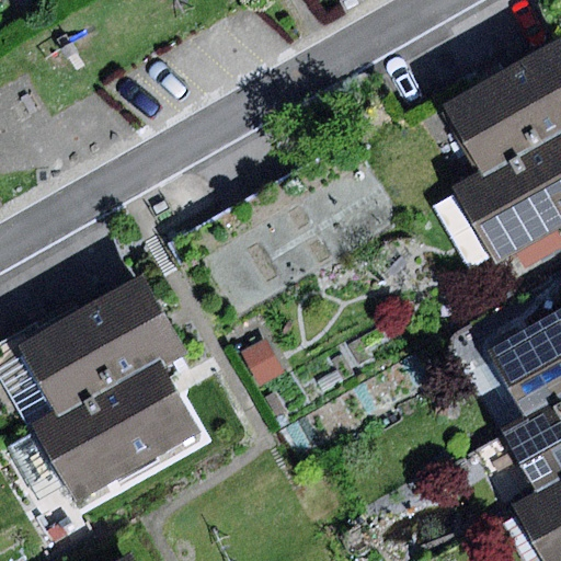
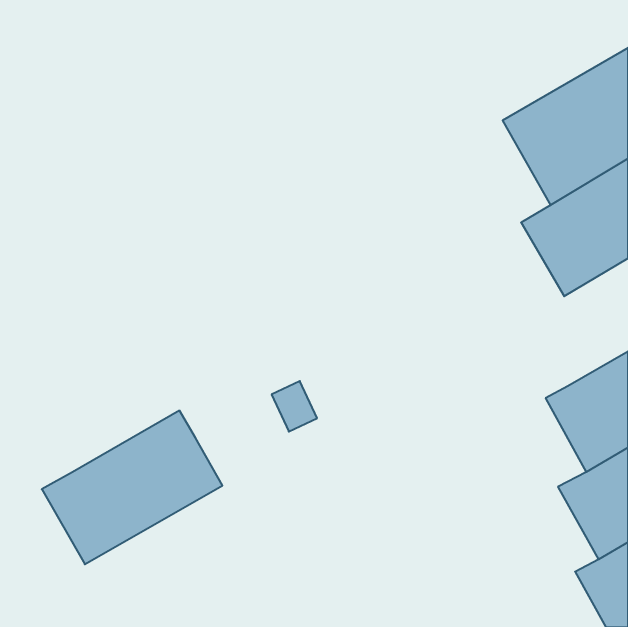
building: [22,276,188,421] -> none

